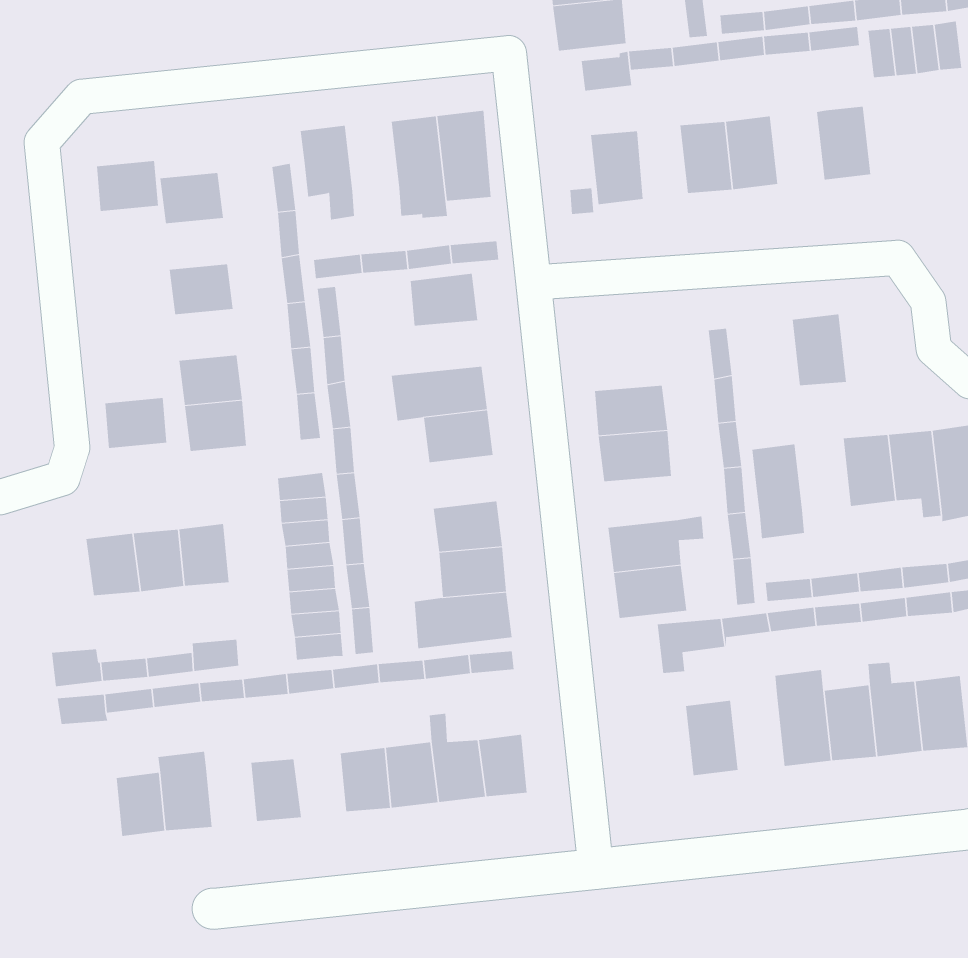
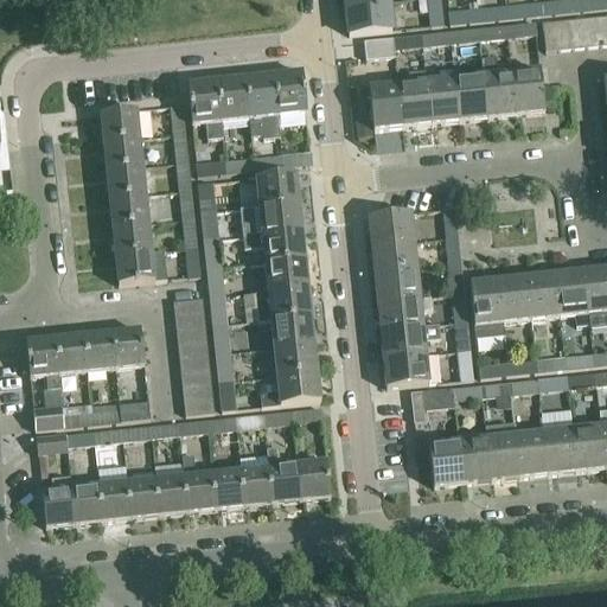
building: none -> [480,53,516,115]
building: none -> [217,76,250,120]
building: none -> [400,78,430,124]
building: [96,160,159,212] -> [104,136,143,168]
building: [792,314,847,386] -> [498,274,532,319]
building: none -> [242,200,302,235]
building: none -> [369,210,415,244]
building: [105,397,167,449] -> [110,193,149,225]
building: none -> [256,285,312,319]
building: none -> [378,295,436,330]
building: none -> [26,337,60,385]
building: none -> [458,434,491,481]
building: none -> [183,452,217,511]
building: none -> [43,474,77,525]
building: none -> [130,477,161,517]

